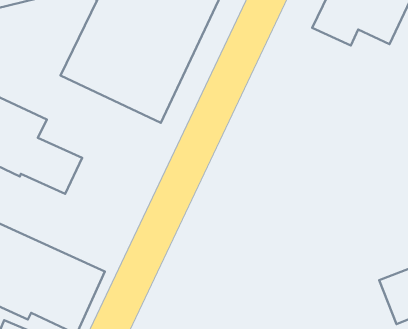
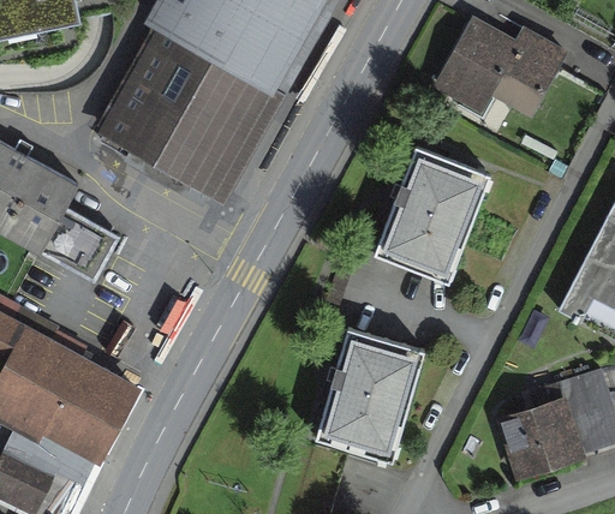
building: none -> [376,149,489,282]
building: none -> [317,325,428,462]

